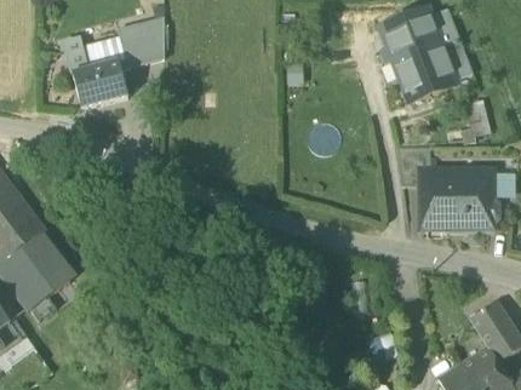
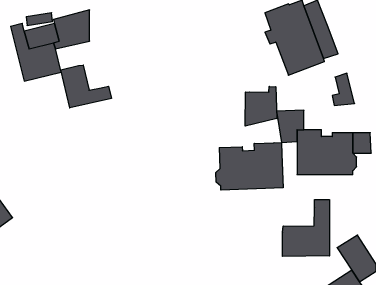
building: none -> [61,65,111,108]
building: none -> [245,86,277,126]
building: none -> [216,142,283,190]
building: none -> [283,200,329,256]

